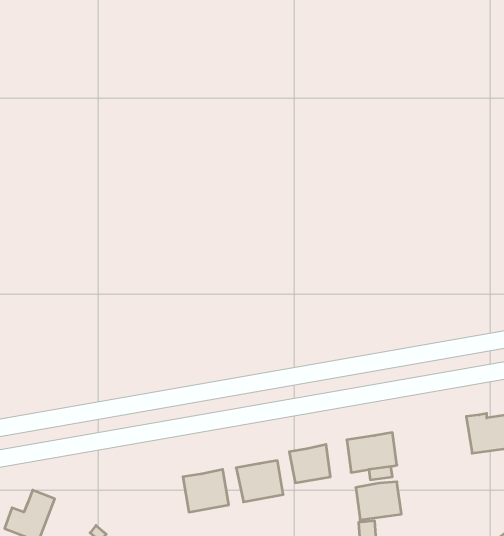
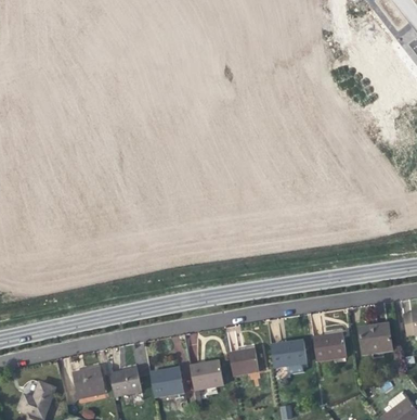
building: none -> [73,366,106,398]
building: none -> [110,367,144,403]
building: [356,482,401,520] -> [313,332,347,360]

